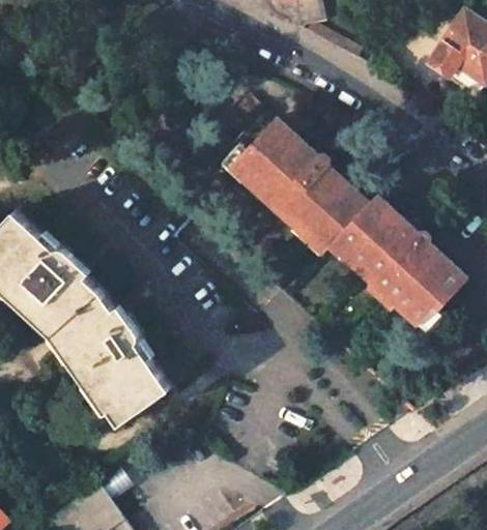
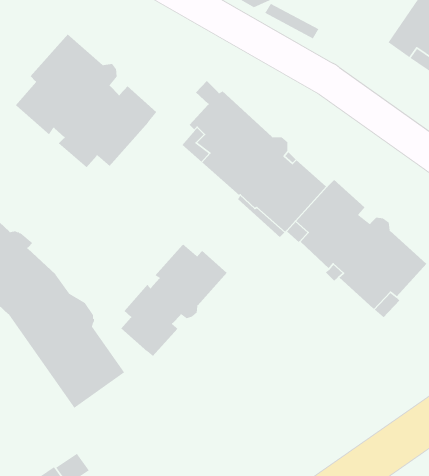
building: none -> [15,33,157,168]
building: none -> [121,243,228,357]

